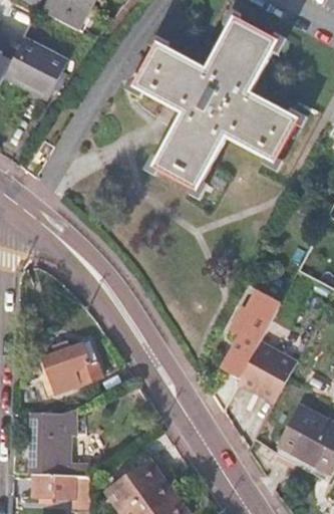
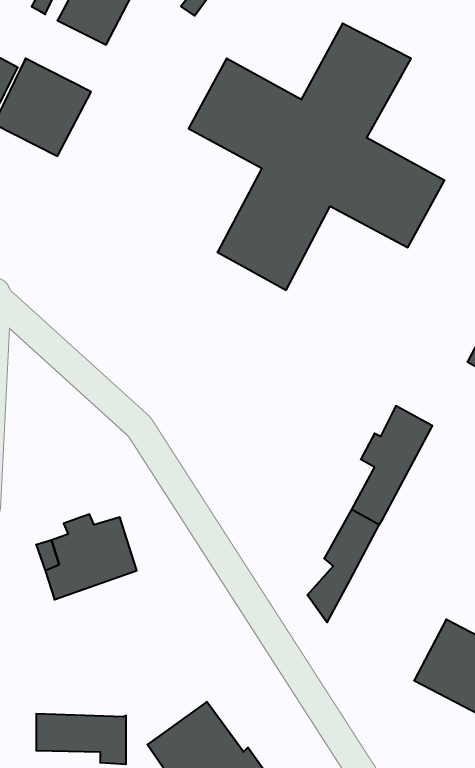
building: [238,343,296,403] -> none
building: [29,406,90,473] -> none

